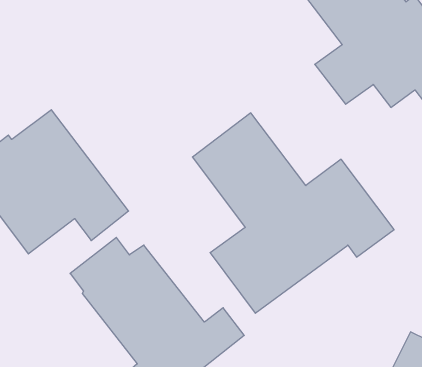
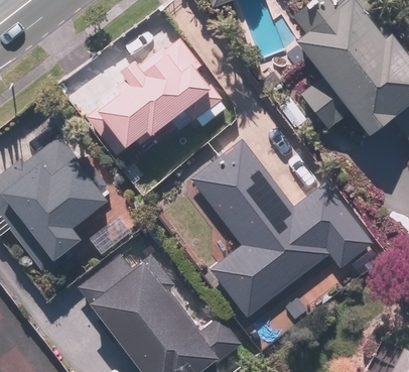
building: none -> [91,44,218,159]

